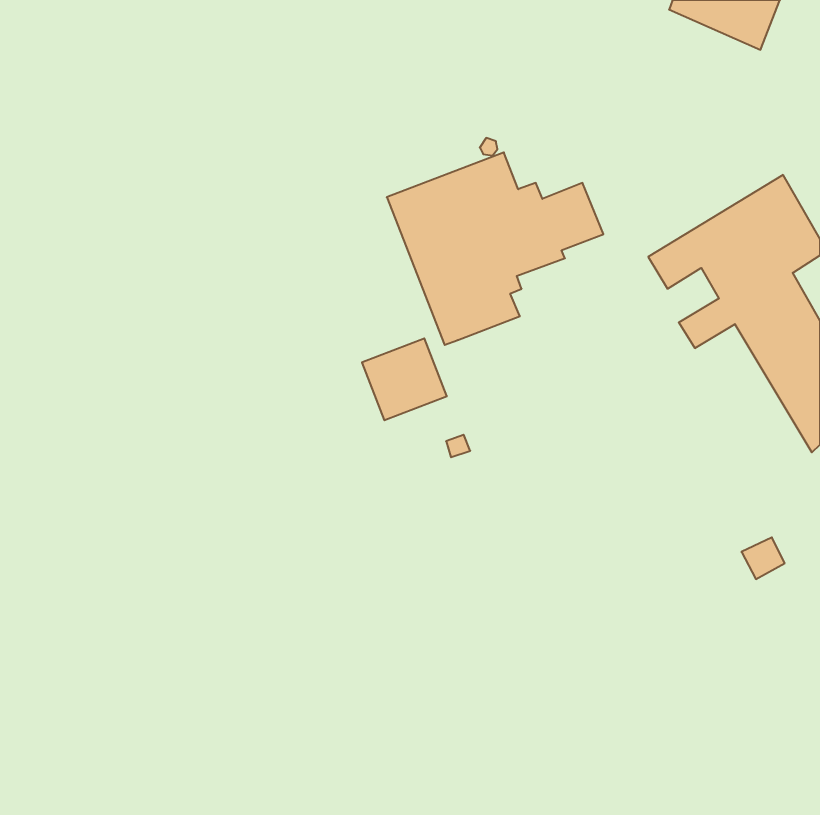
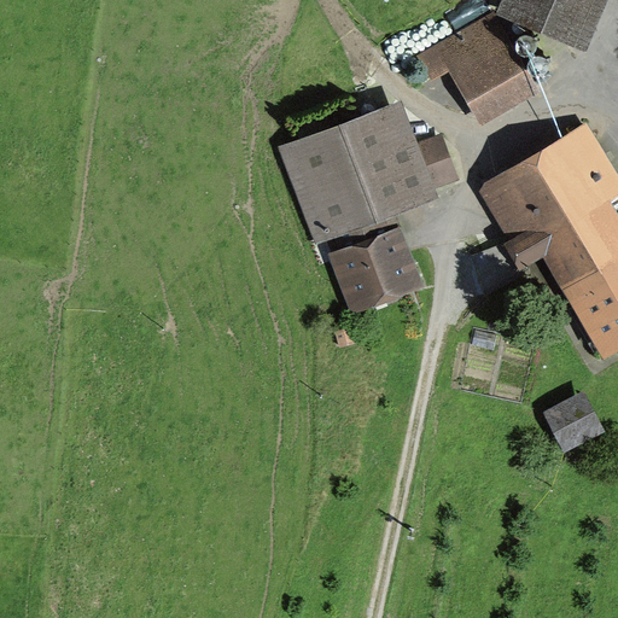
building: none -> [421,21,530,116]
building: [362,338,447,420] -> [344,241,408,303]

